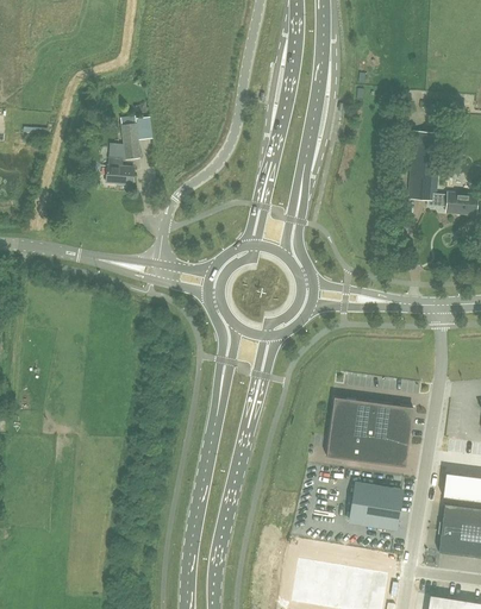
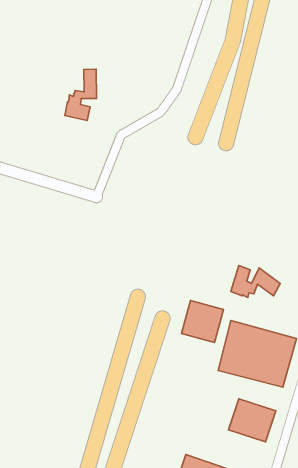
building: none -> [231,266,280,297]
building: none -> [182,300,223,342]

